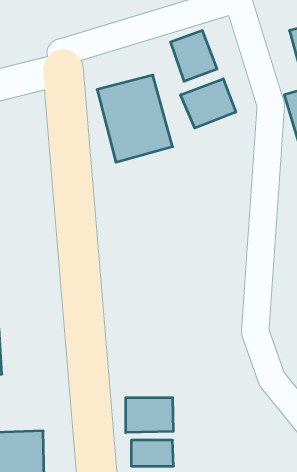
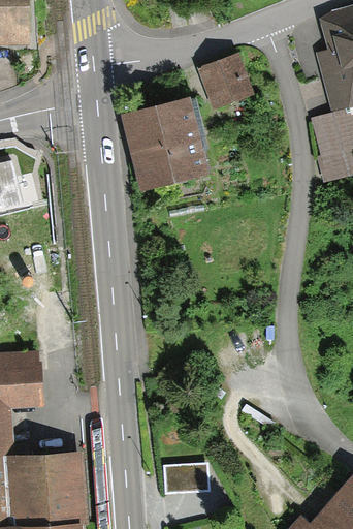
building: [181,79,236,128] -> none
building: [126,398,173,433] -> none

